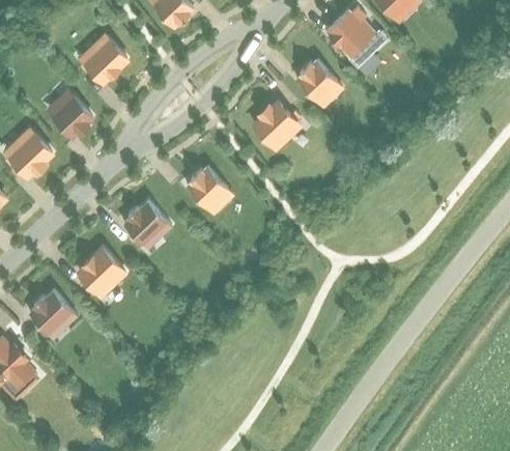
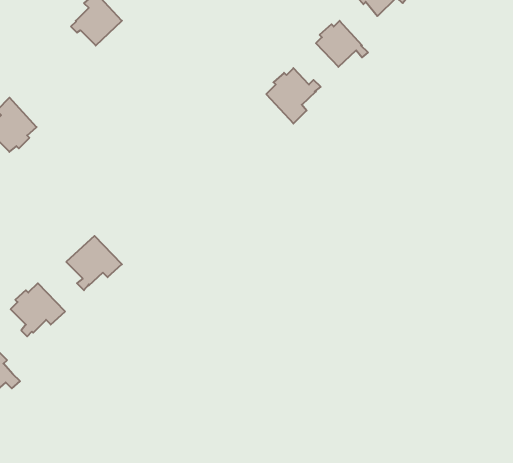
building: [53,92,92,137] -> none
building: [187,168,232,208] -> none
building: [123,201,171,249] -> none

